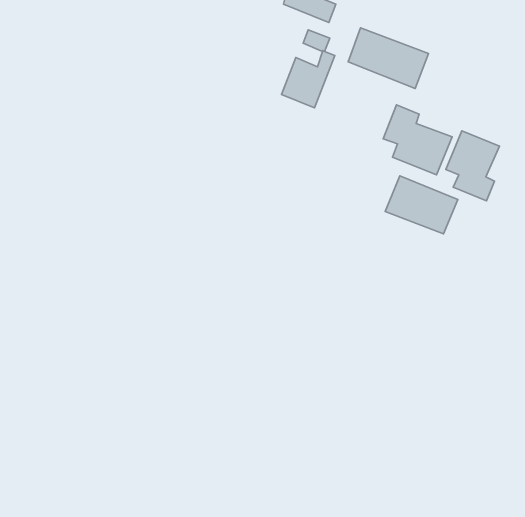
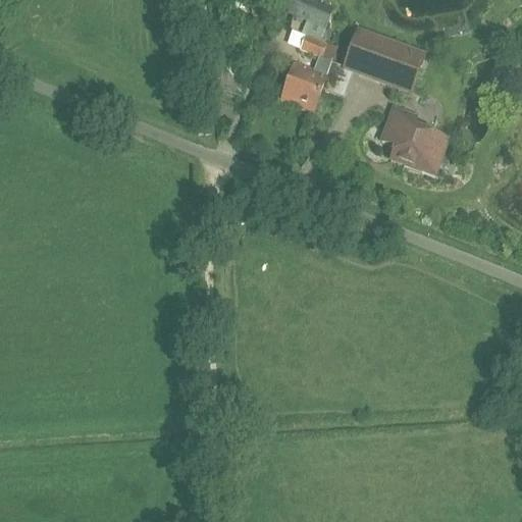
building: [446,131,499,201] -> none
building: [385,176,458,234] -> none

